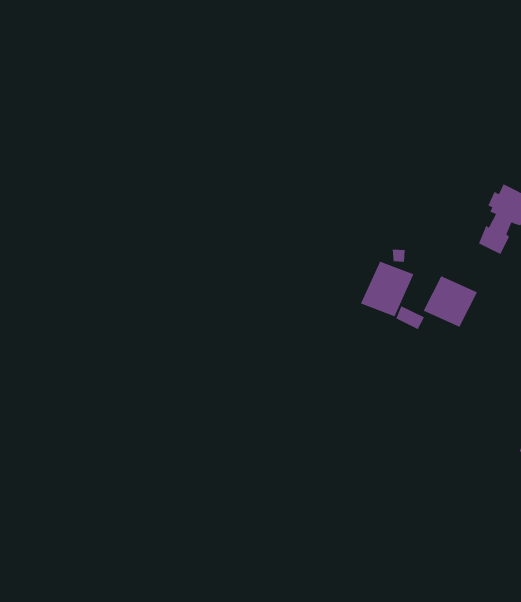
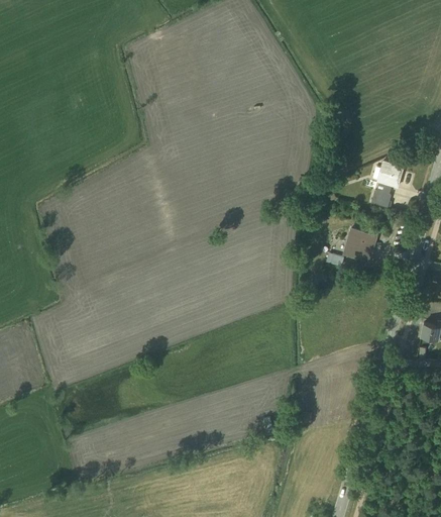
building: [360,261,414,317] -> none

